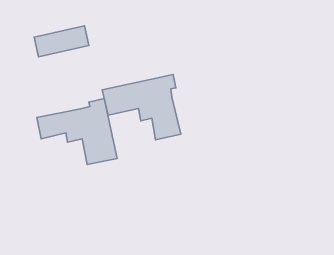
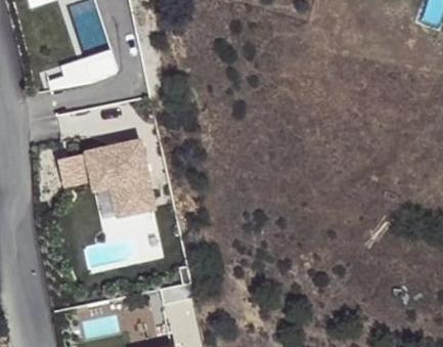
building: [102,75,181,140] -> none

